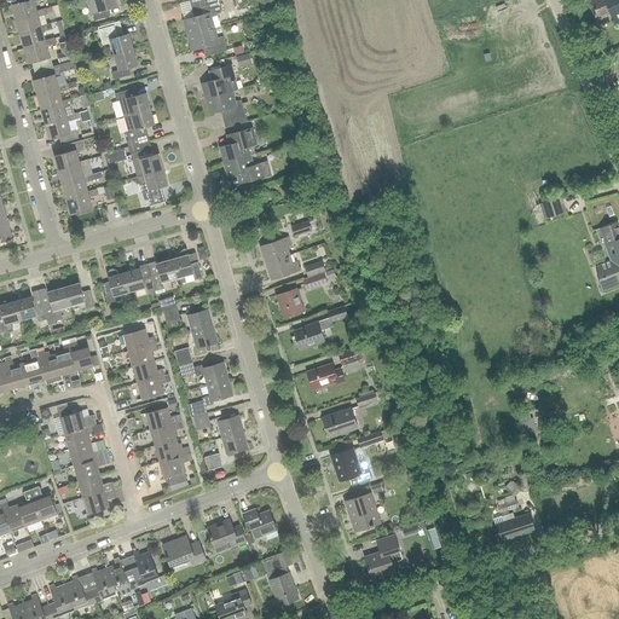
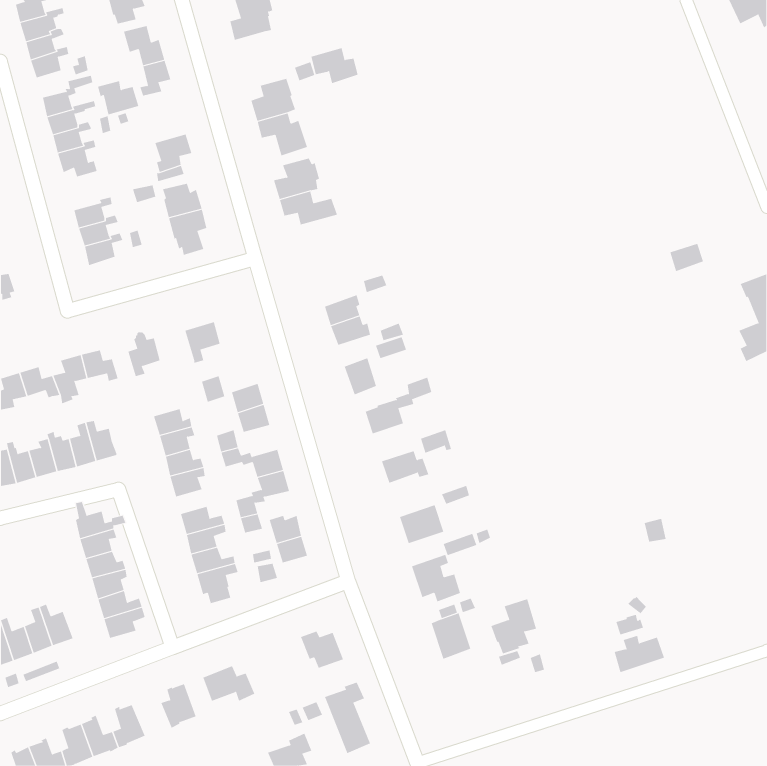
building: [189,25,227,54] -> [311,48,359,84]
building: [116,87,150,115] -> [97,81,139,115]
building: [54,139,86,169] -> none
building: [173,248,203,283] -> none
building: [125,265,156,293] -> none
building: [208,519,247,546] -> none
building: [365,534,403,579] -> [490,599,537,654]
building: [106,560,138,592] -> none

